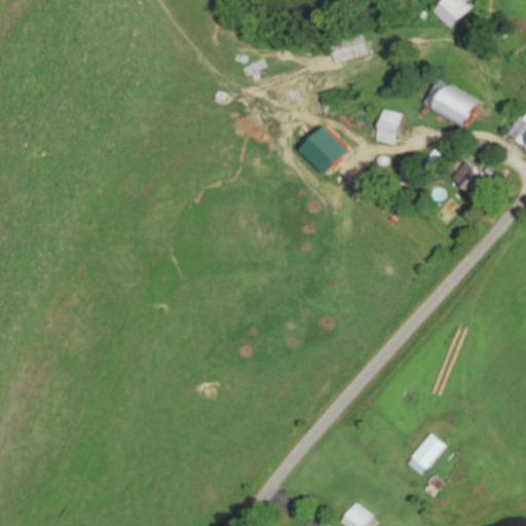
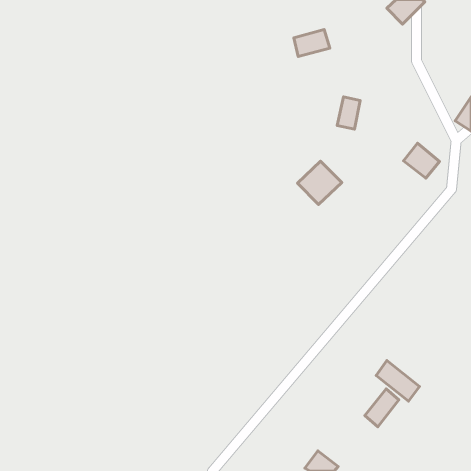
building: [423,77,478,126] -> none
building: [301,125,350,174] -> [297,161,342,205]
building: none -> [376,361,419,401]

